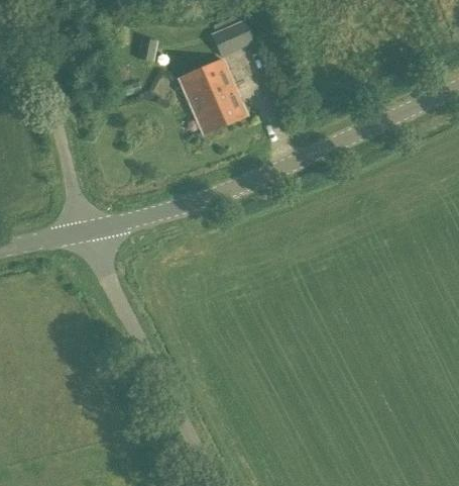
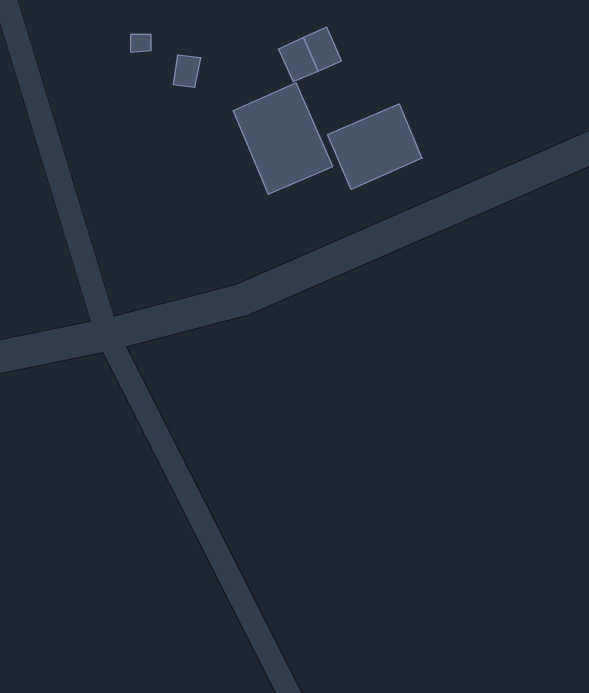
building: none -> [328,104,422,189]

